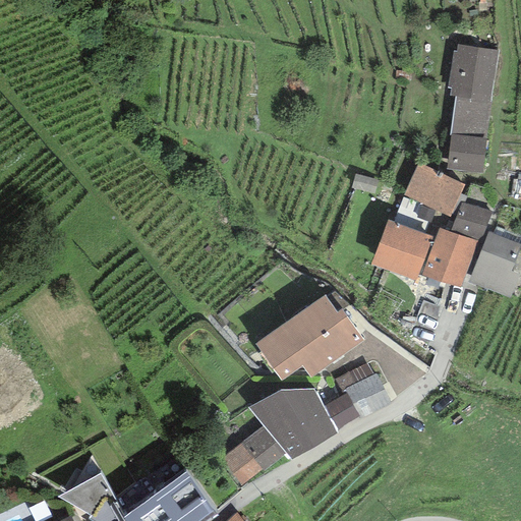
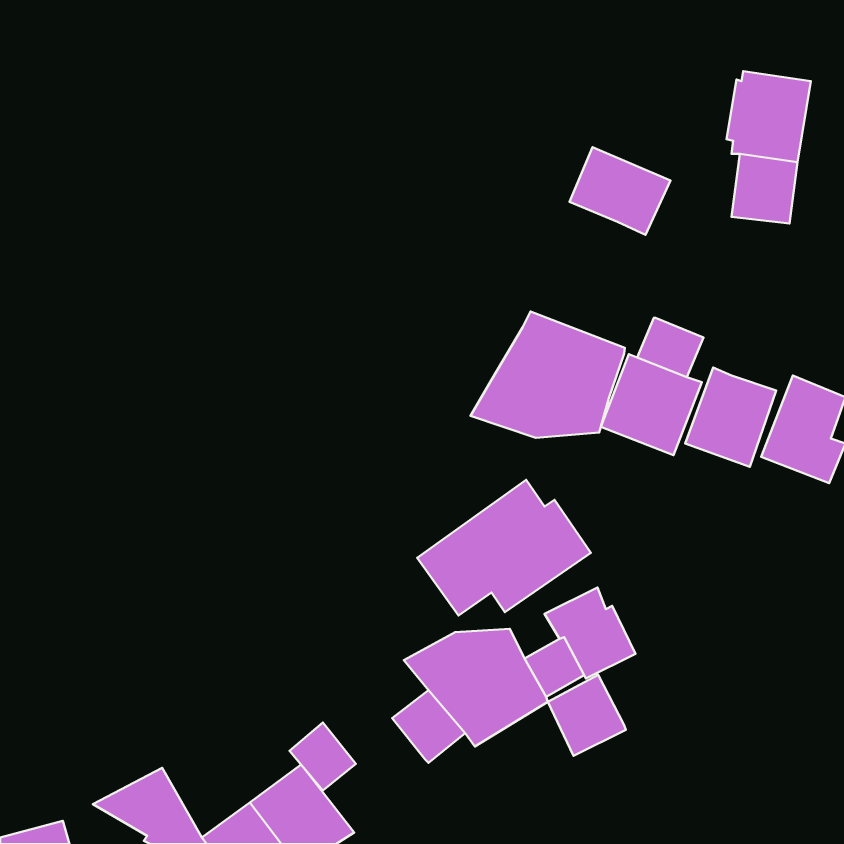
building: [447,133,486,173] -> none
building: [404,162,466,216] -> [569,147,670,235]
building: none -> [470,312,625,438]
building: [451,201,493,241] -> none
building: none -> [548,675,626,756]
building: [222,442,263,483] -> [290,723,356,790]

